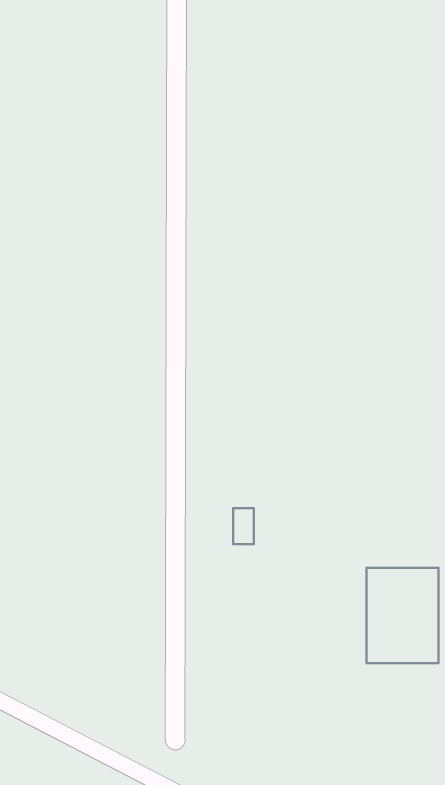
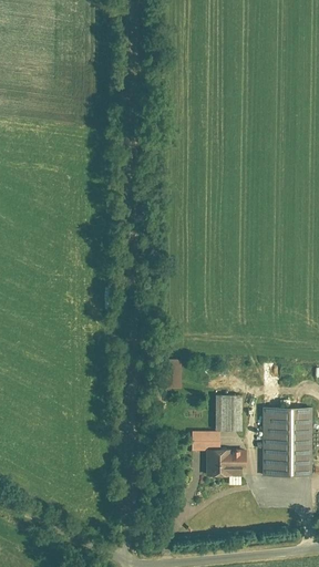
building: none -> [214,393,240,429]
building: none -> [192,433,243,476]

